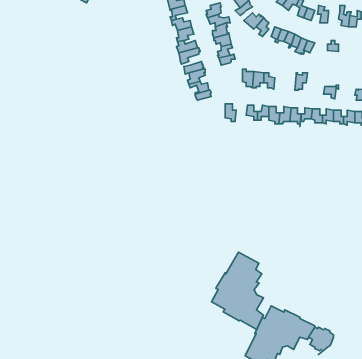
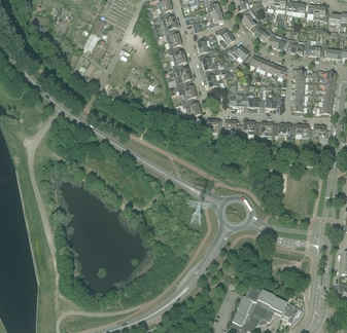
building: [211,252,264,329] -> none

